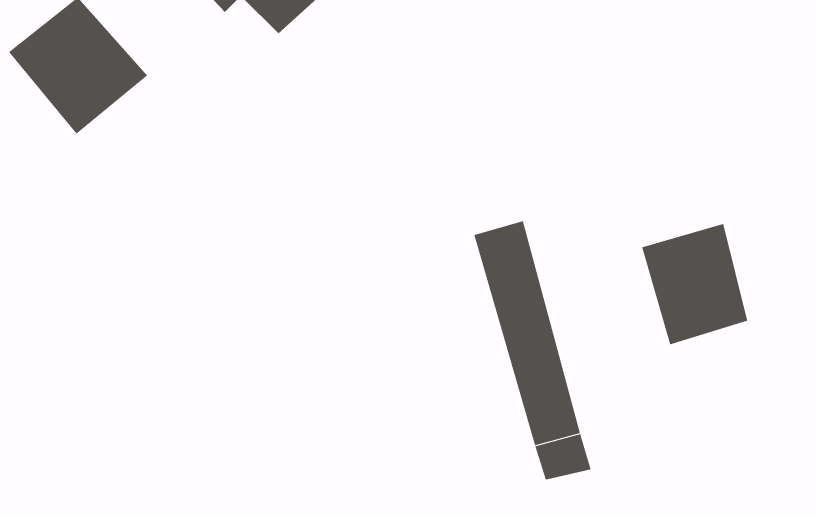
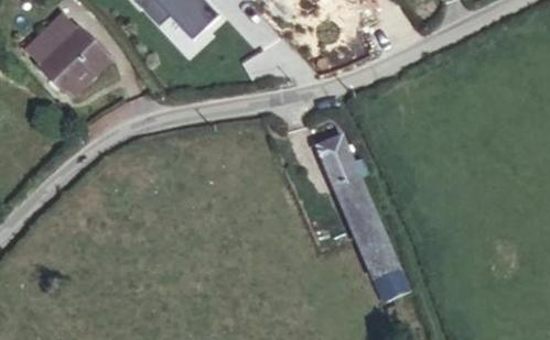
building: [642,223,748,345] -> none

